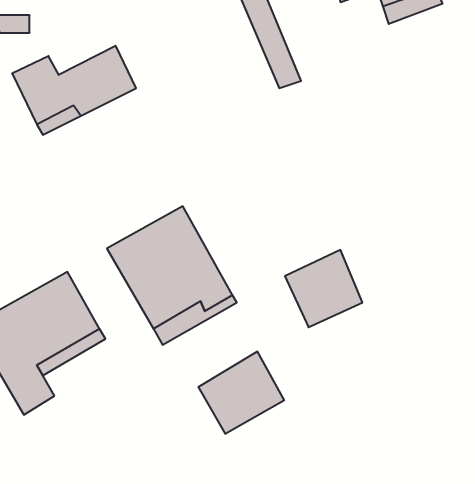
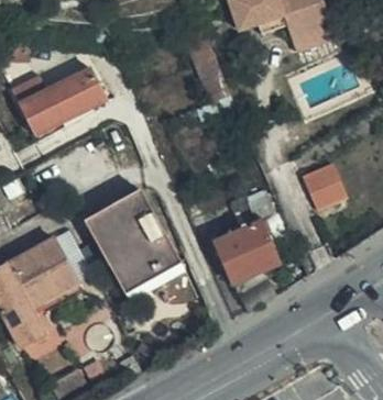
building: none -> [303,164,347,209]
building: [199,351,284,434] -> none

